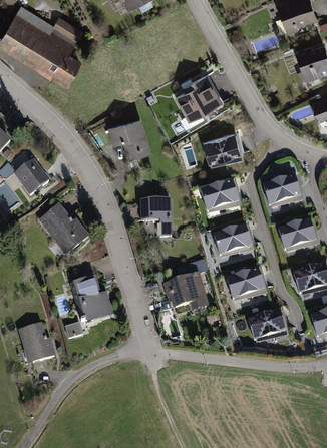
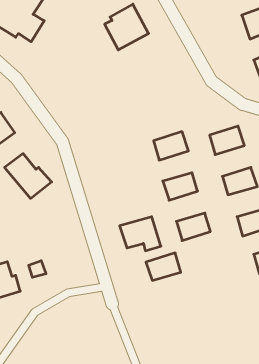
building: [174,75,222,125] -> [105,4,149,50]
building: [109,117,151,158] -> none
building: [204,132,242,162] -> none
building: [141,199,174,236] -> none
building: [71,276,114,323] -> none
building: [248,310,286,340] -> [146,253,181,280]

